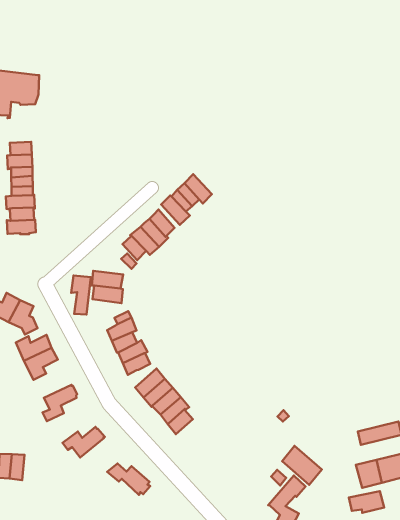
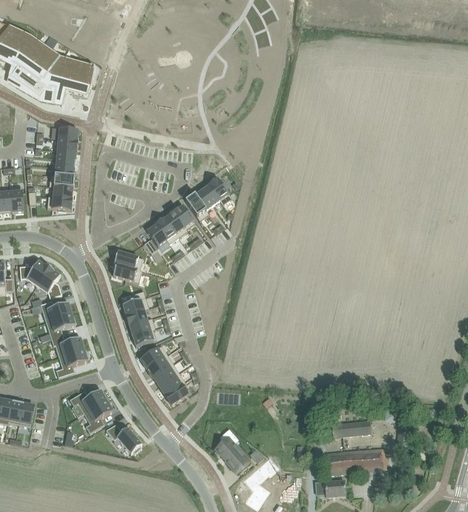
building: [71,276,91,314] -> none
building: none -> [51,335,84,356]
building: none -> [83,399,113,432]
building: [282,446,322,485] -> [215,436,249,472]

